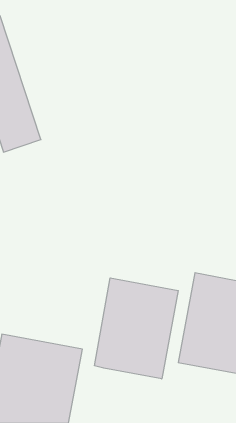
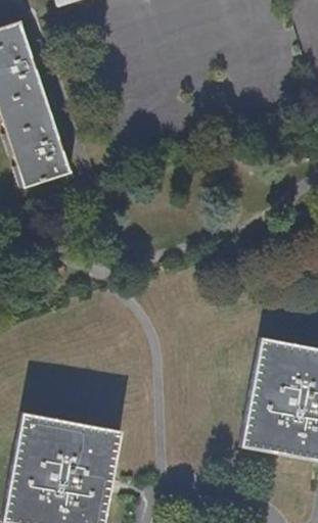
building: [95,278,178,379] -> none

